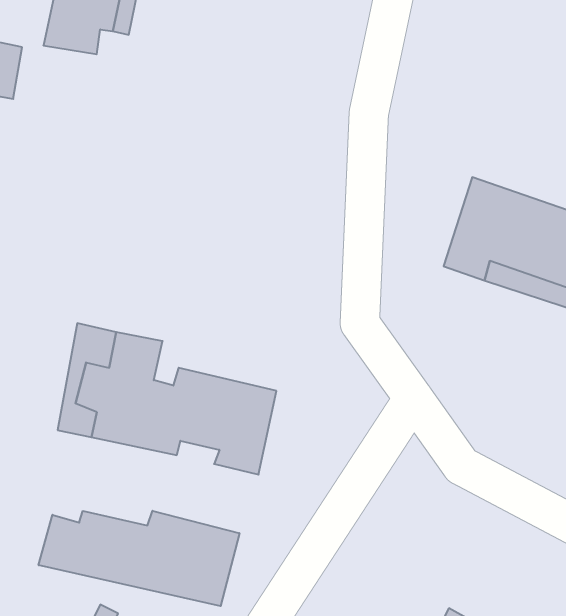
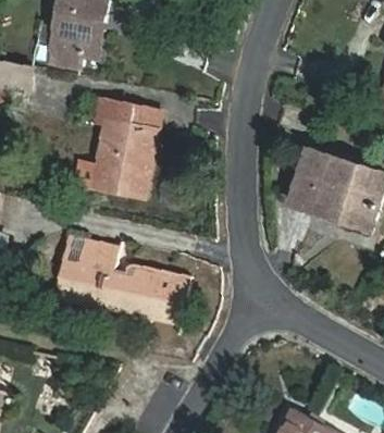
building: none -> [89,102,158,199]
building: [39,511,239,606] -> none

